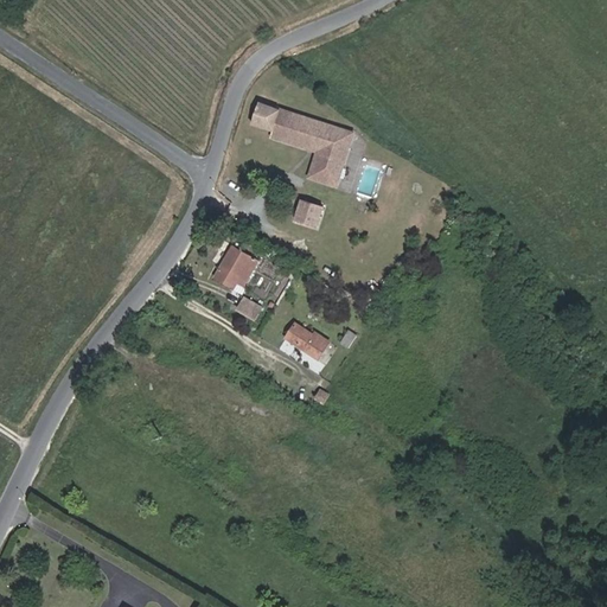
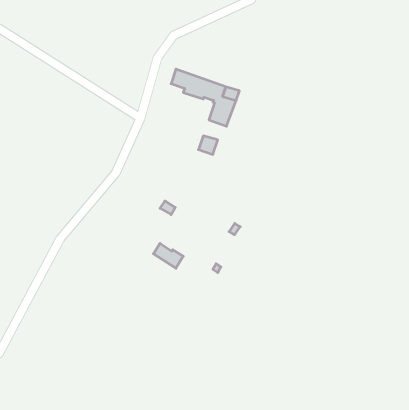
building: [212,245,255,287] -> none
building: [283,321,327,358] -> [153,243,183,268]

